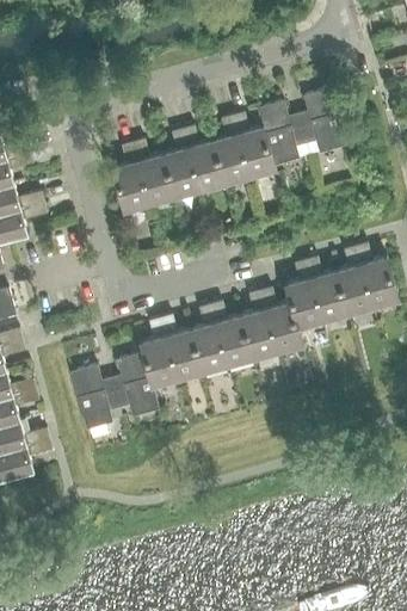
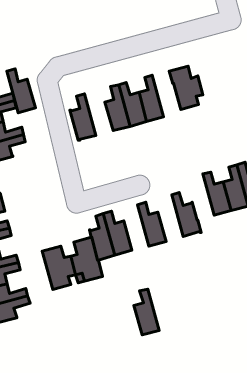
building: [298,92,345,155] -> none
building: [232,116,275,179] -> none
building: [132,142,174,206] -> [7,69,35,113]
building: [284,263,322,331] -> none
building: [240,294,277,362] -> none
building: [190,308,227,375] -> [134,289,159,335]

